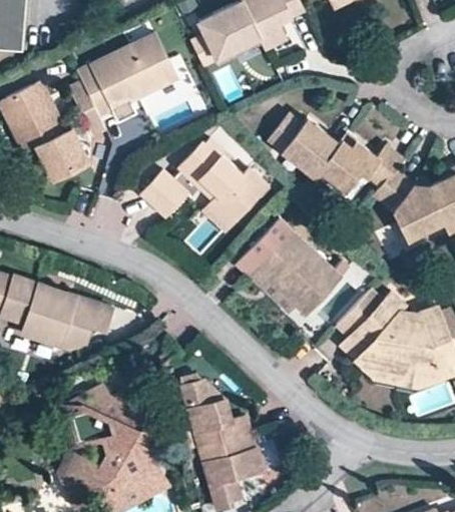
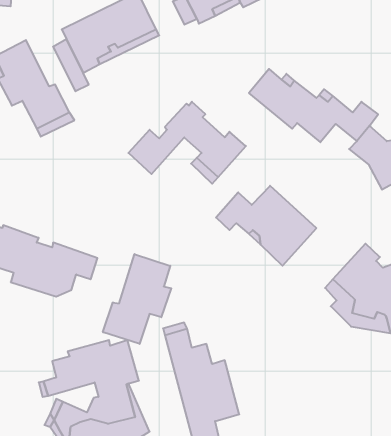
building: none -> [103,254,171,344]

